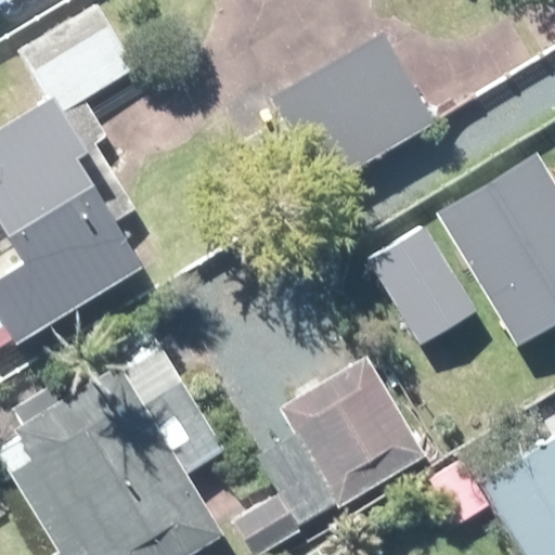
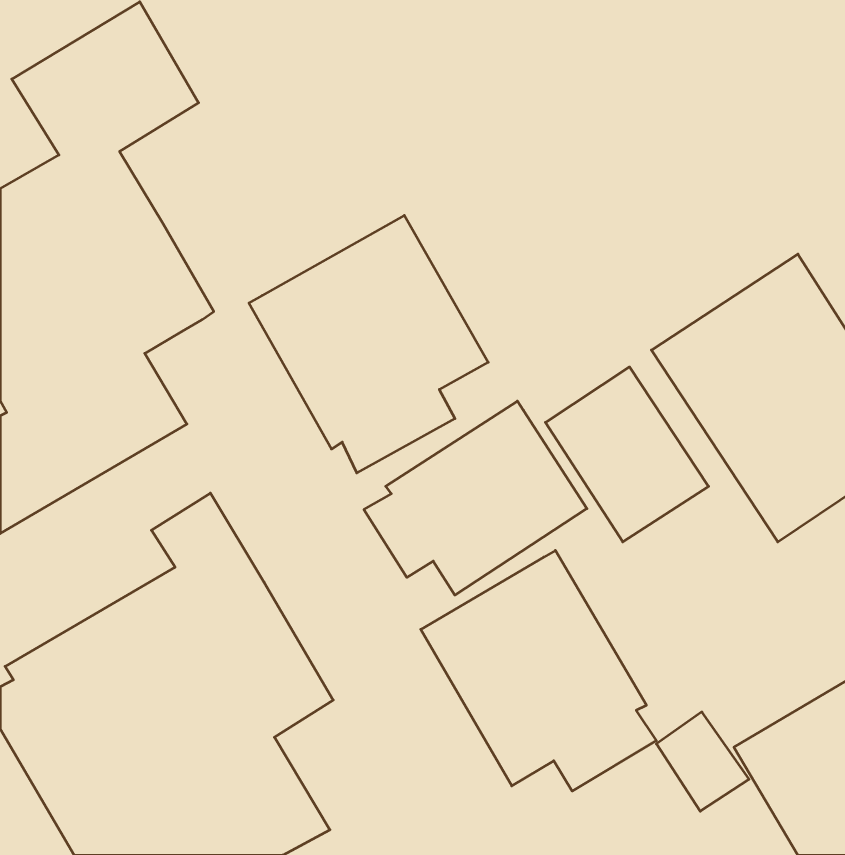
building: [269,34,431,186] -> none
building: none -> [249,215,488,473]
building: none -> [364,401,587,595]

